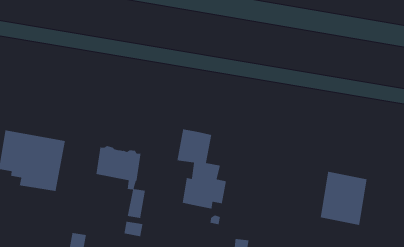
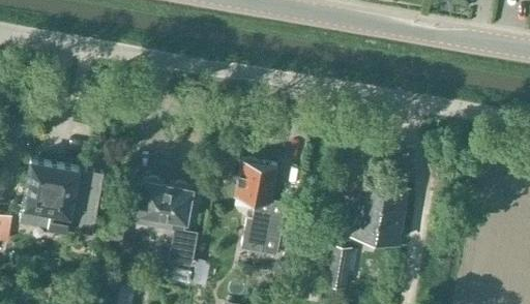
building: [320,171,368,226] -> [350,182,407,247]
building: none -> [319,248,351,285]

